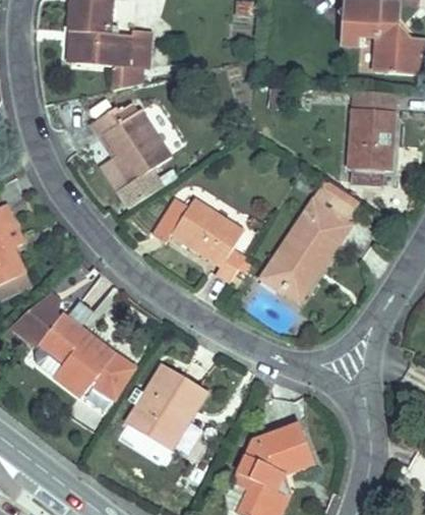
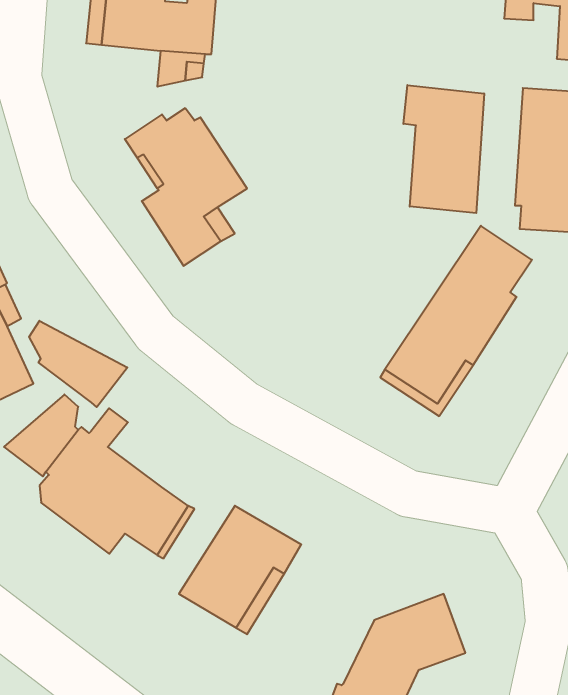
building: none -> [403,85,484,213]
building: [153,196,246,282] -> none
building: none -> [29,321,127,407]

